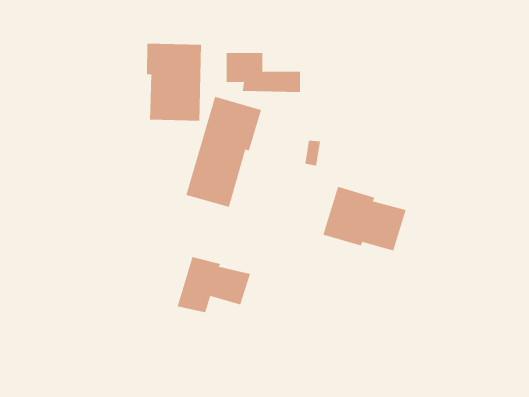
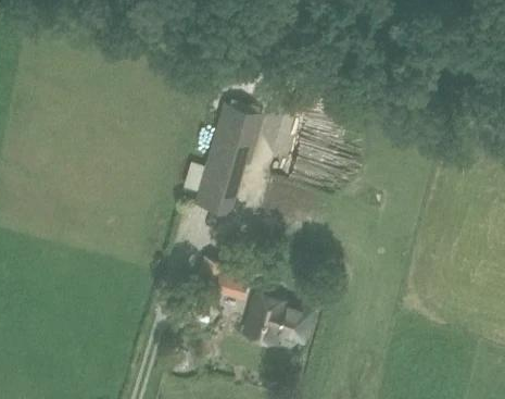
building: [147,43,201,121] -> none
building: [323,186,406,251] -> [240,291,313,348]

